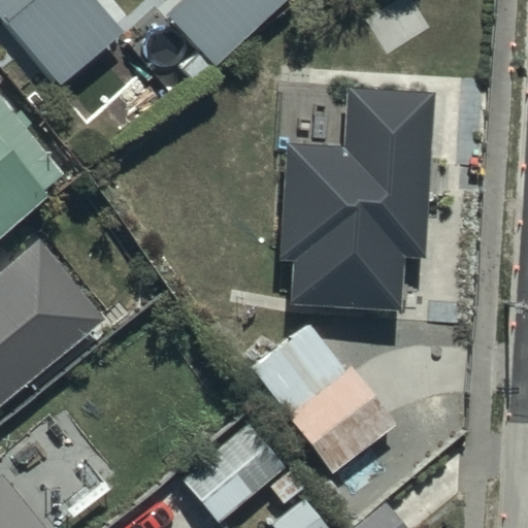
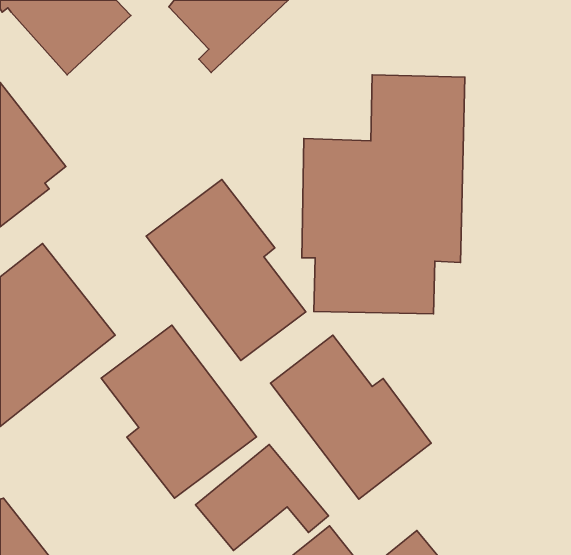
building: none -> [146,180,306,361]
building: none -> [101,325,257,498]

